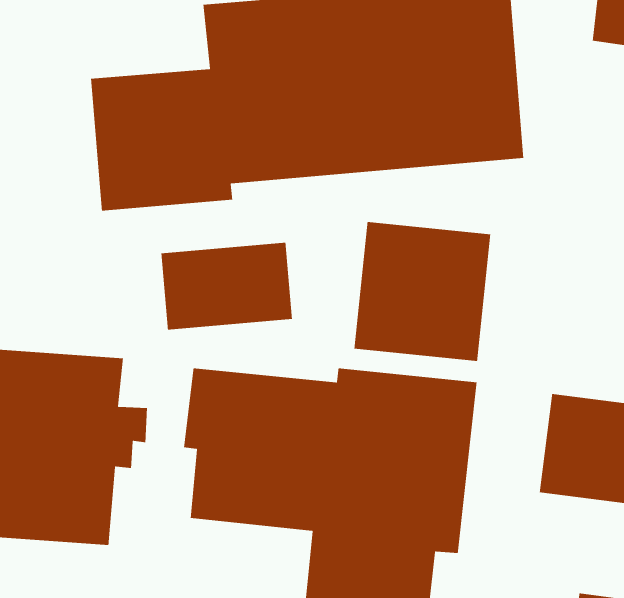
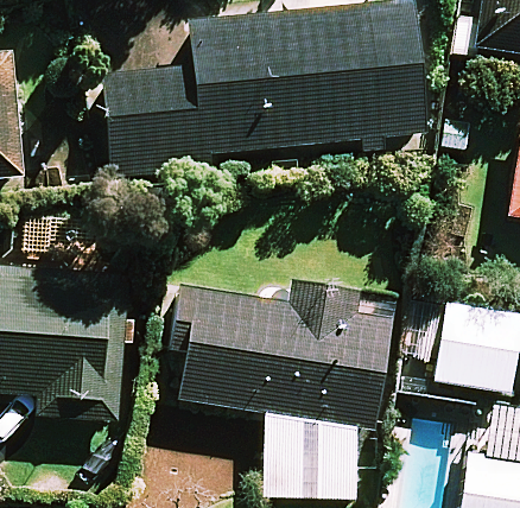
building: [353,221,491,362] -> none
building: [160,242,293,330] -> none

